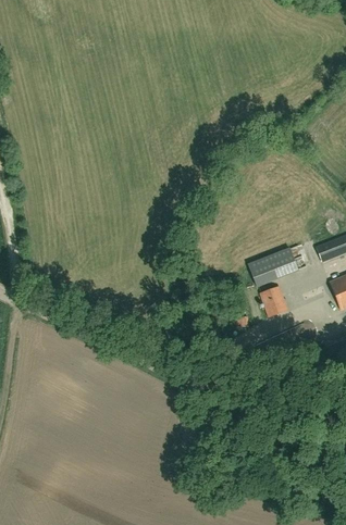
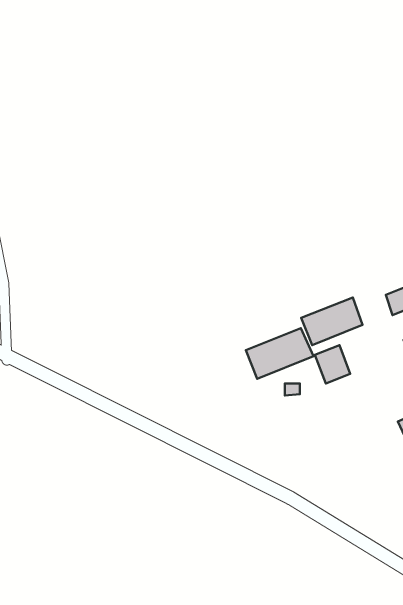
building: none -> [246,328,313,379]

